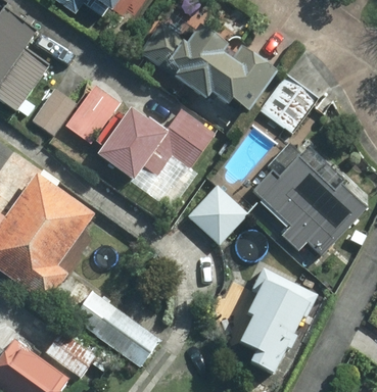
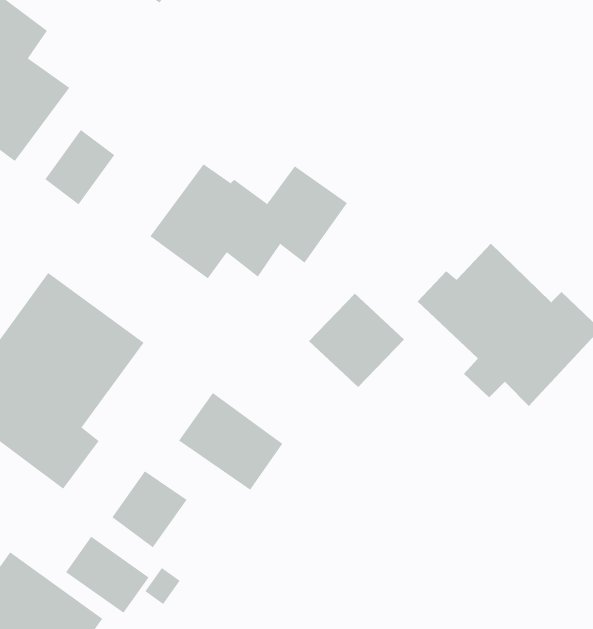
building: [140,20,275,109] -> none
building: [264,76,318,131] -> none
building: [63,84,120,141] -> none
building: [237,267,317,374] -> none
building: [98,308,160,366] -> [178,392,283,490]

